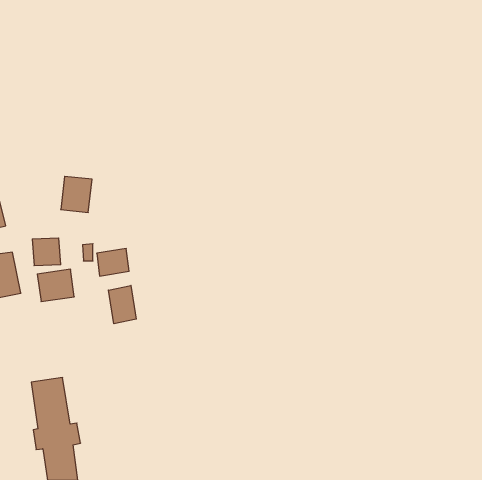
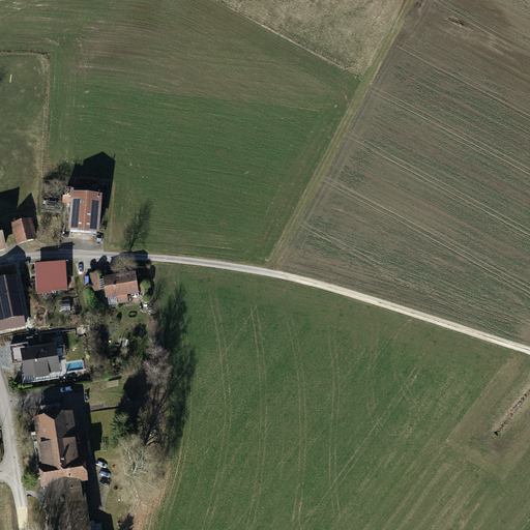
building: none -> [11,215,35,241]
building: [37,269,74,302] -> [21,343,61,378]
building: [108,285,136,324] -> none

